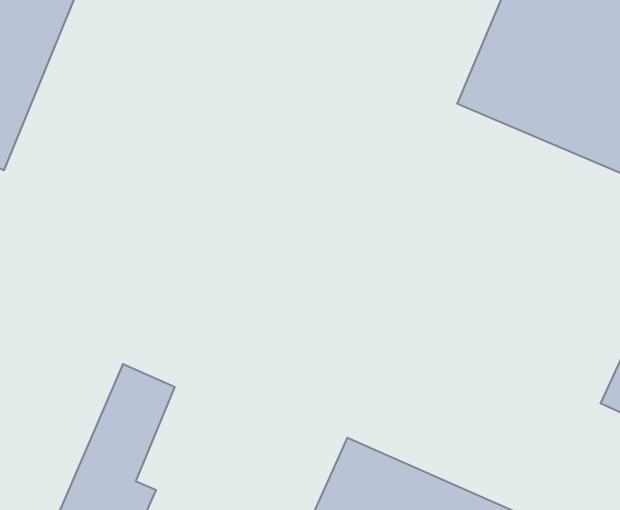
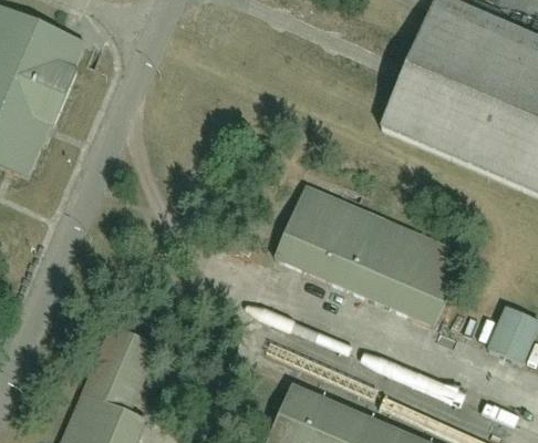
building: none -> [275,192,457,319]

